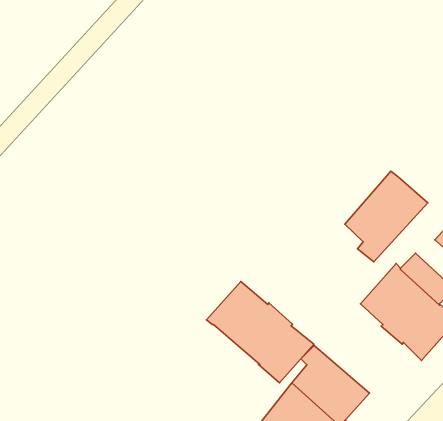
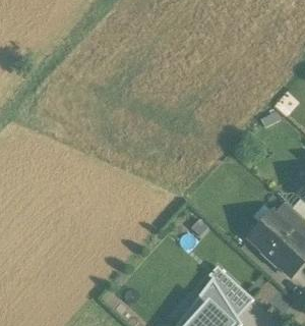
building: [345,171,428,262] -> none
building: [206,281,314,383] -> none

